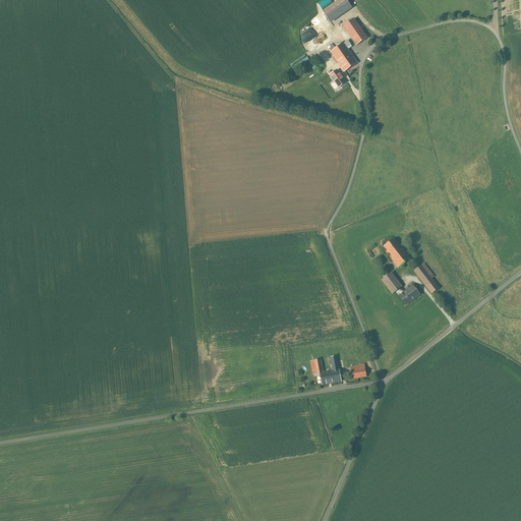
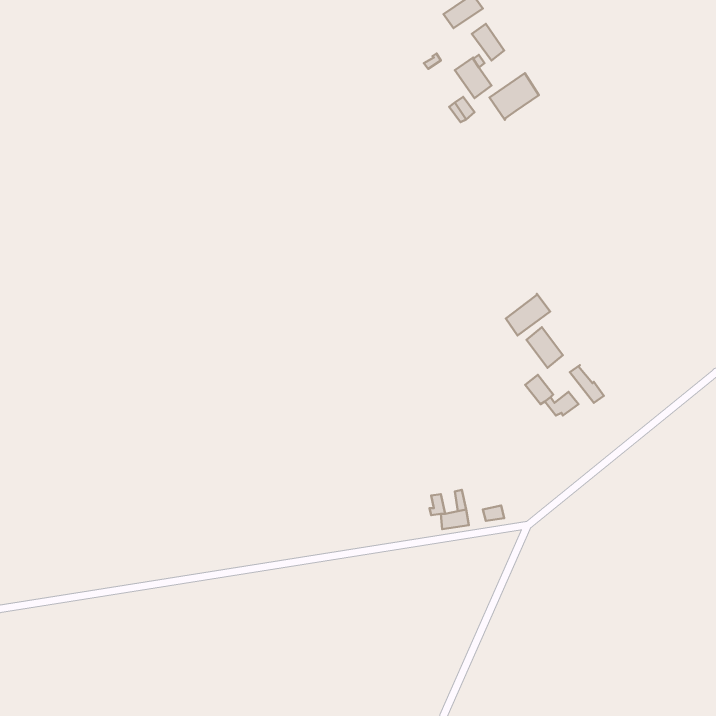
building: none -> [489,73,539,120]
building: none -> [506,294,550,336]

